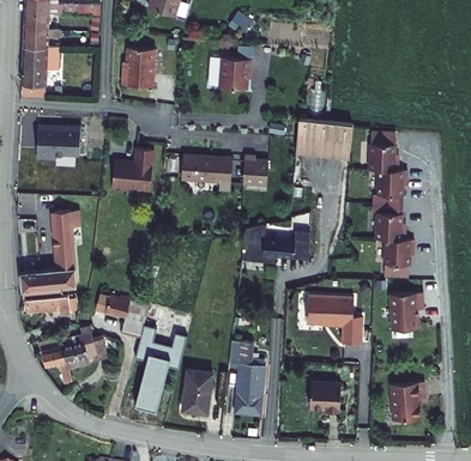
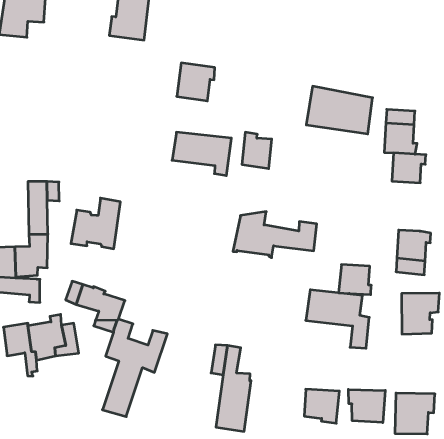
building: [216,49,248,81] -> [177,63,215,101]
building: [36,126,80,160] -> none
building: [110,150,152,194] -> [71,198,120,249]
building: [375,208,404,233] -> [339,265,371,295]
building: [180,372,210,415] -> none
building: none -> [348,389,385,423]

